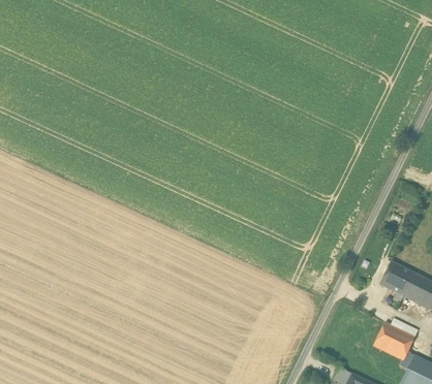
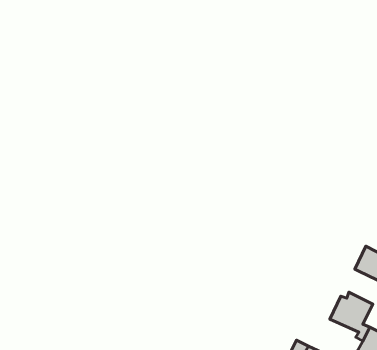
building: [379,261,410,302] -> none

